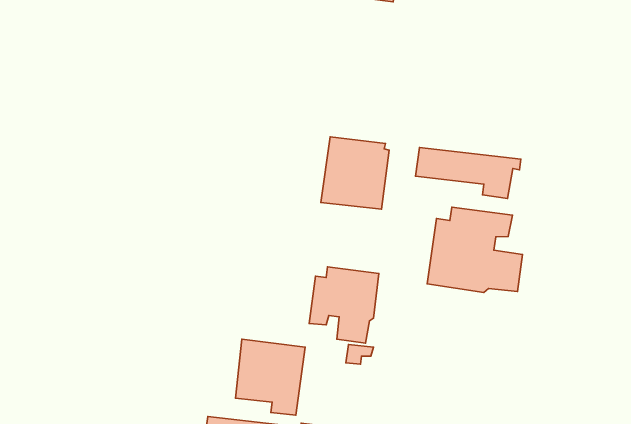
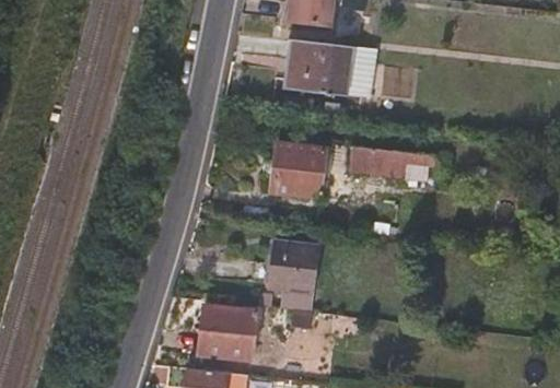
building: none -> [288,40,376,97]
building: [427,207,522,293] -> none

